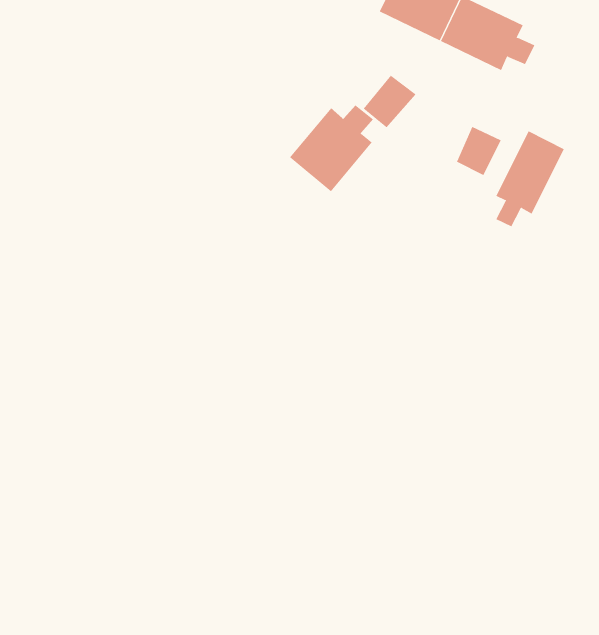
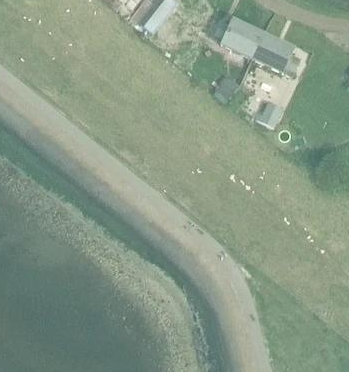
building: [289,104,374,192] -> none
building: [495,130,565,227] -> none

